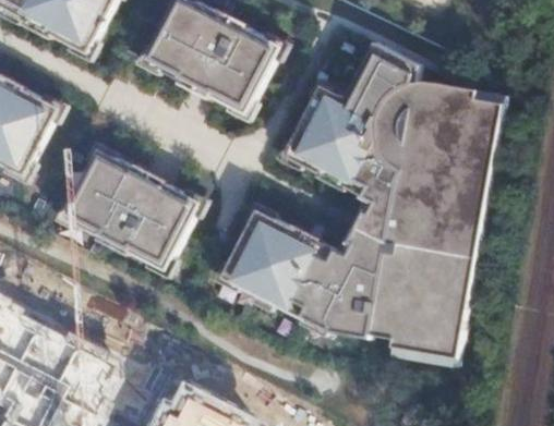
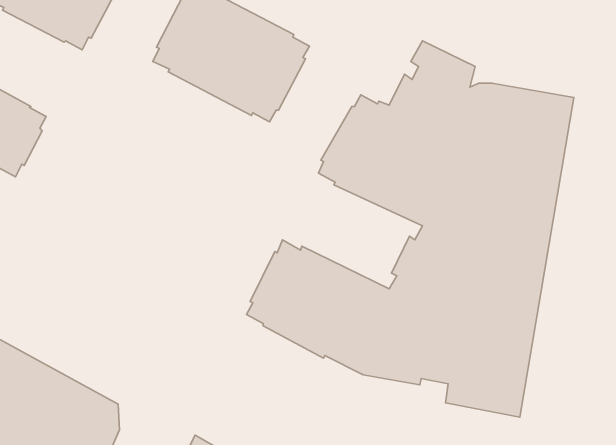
building: [62,153,195,269] -> none

